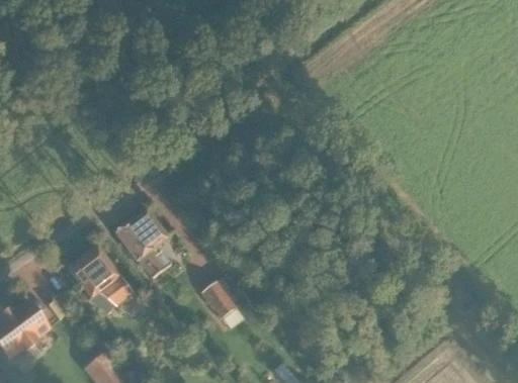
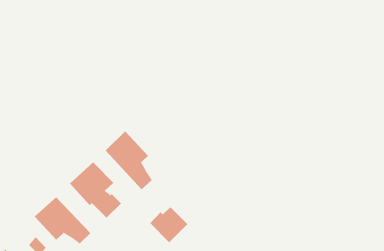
building: none -> [105,131,153,190]

